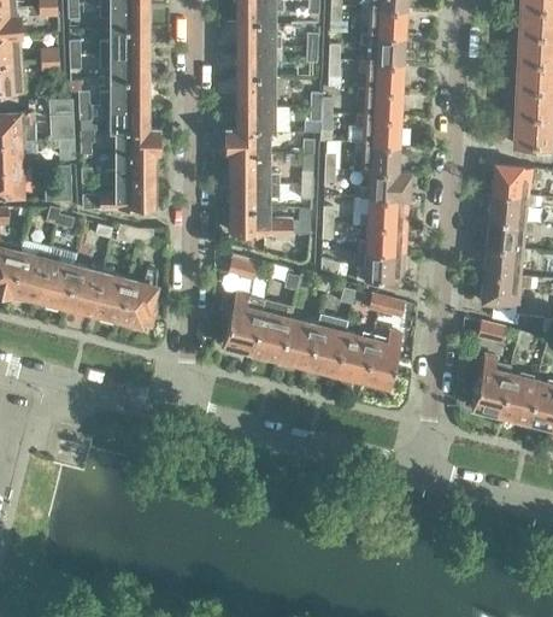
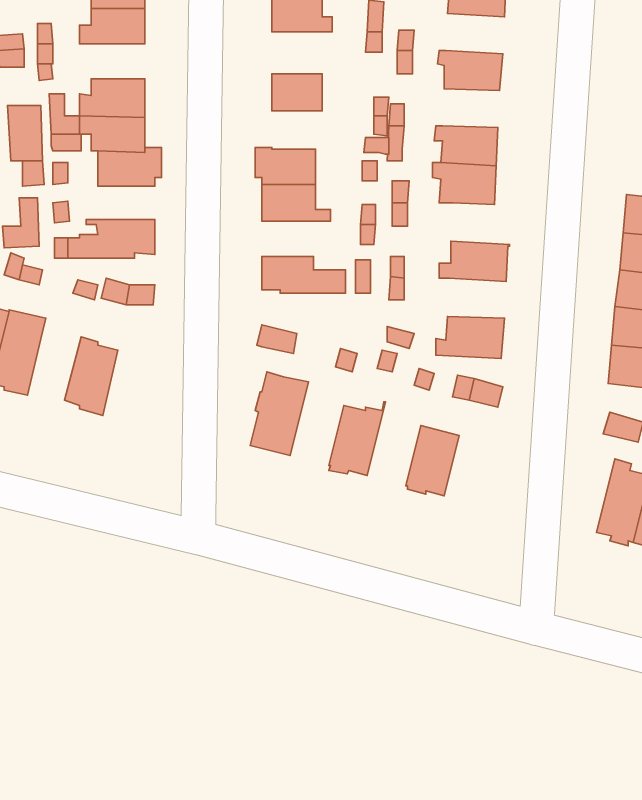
building: [360,34,406,63] -> none
building: [239,47,275,77] -> none
building: [100,55,147,81] -> none
building: [357,88,402,116] -> none
building: [239,104,275,131] -> none
building: [105,158,154,182] -> none
building: [360,170,412,200] -> none
building: [231,183,281,208] -> none
building: [358,224,407,253] -> none
building: [63,263,101,313] -> none
building: [117,268,157,328] -> none
building: [252,299,292,359] -> none
building: [307,313,347,374] -> none
building: [363,330,402,387] -> none

